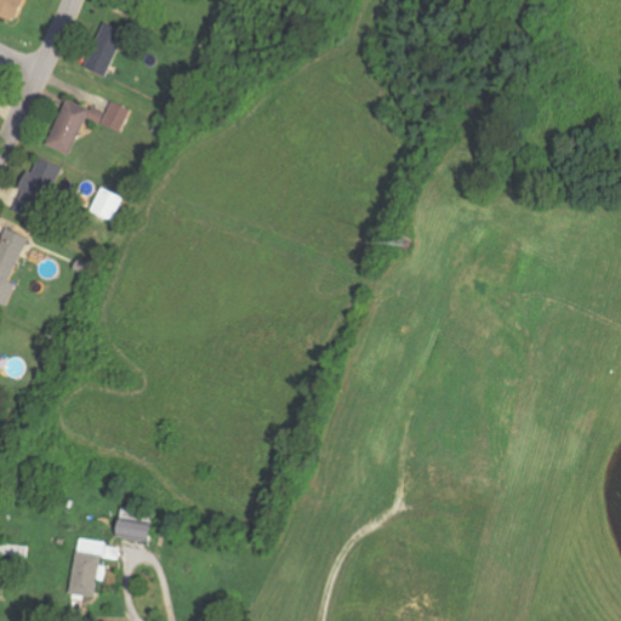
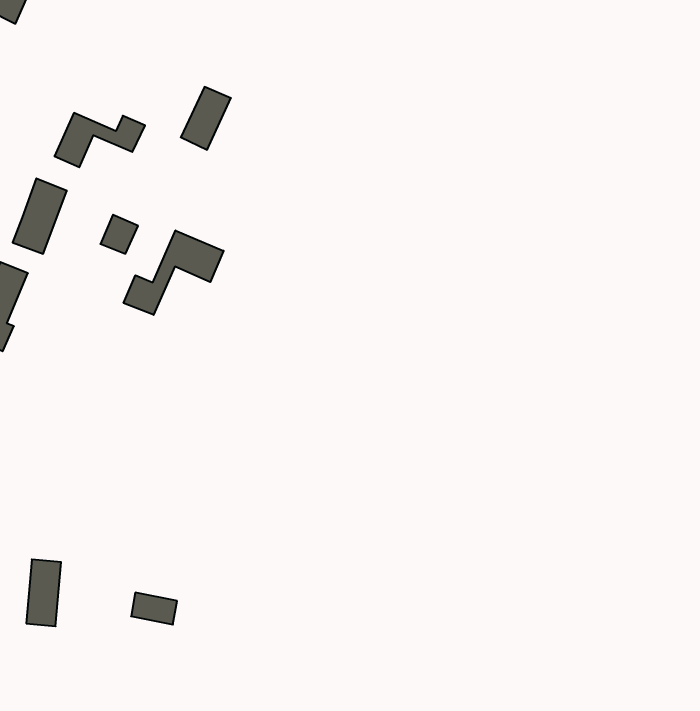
building: [78,22,121,76] -> [181,87,231,150]
building: none -> [124,230,224,315]
building: [70,539,101,597] -> [26,559,61,626]

